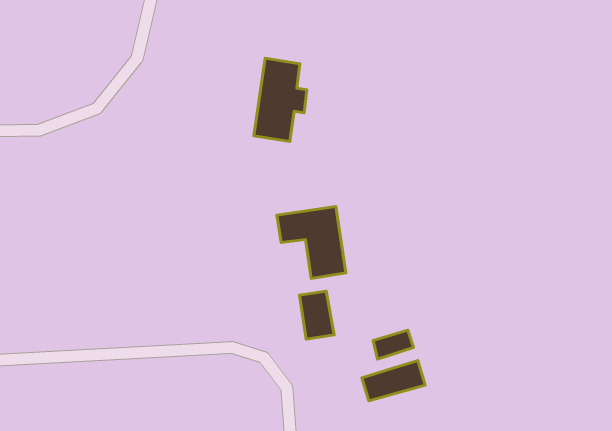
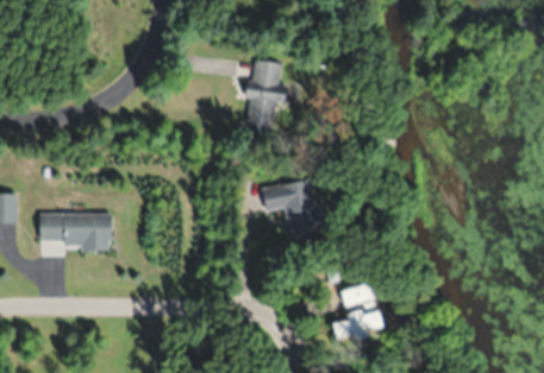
building: none -> [39,213,111,251]
building: [300,291,334,339] -> none

